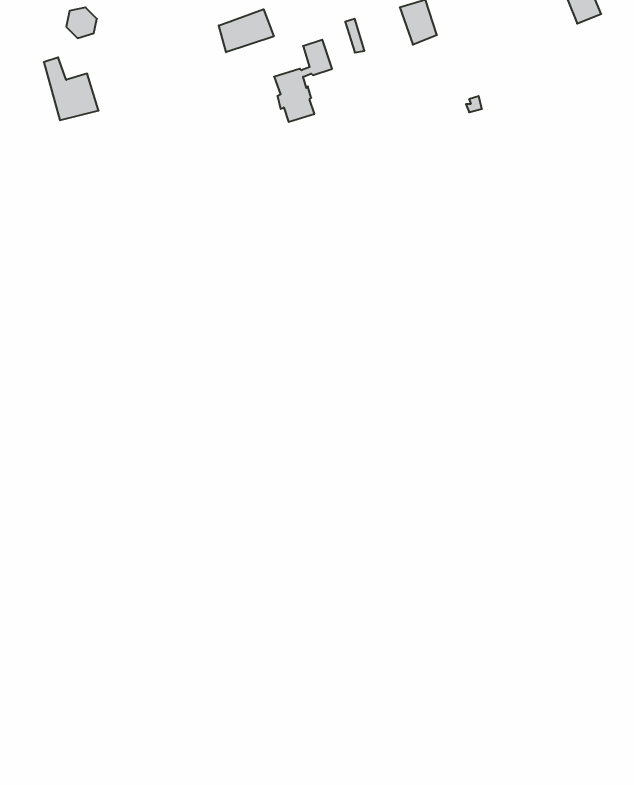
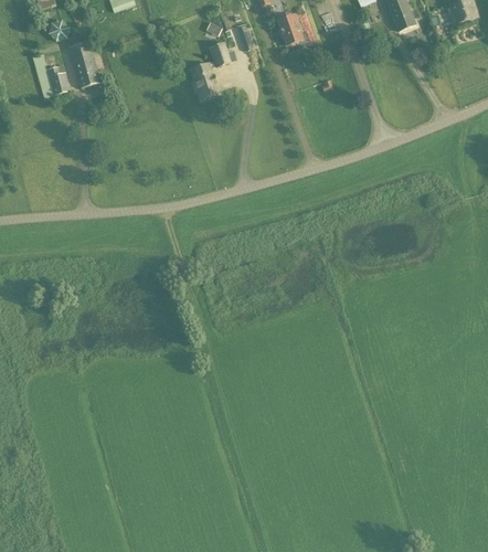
building: [219,9,274,52] -> none
building: none -> [70,40,100,86]

